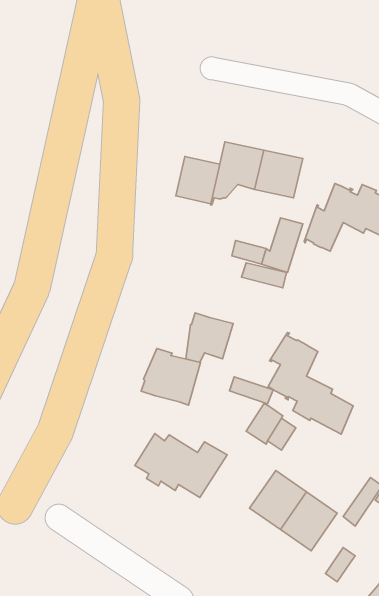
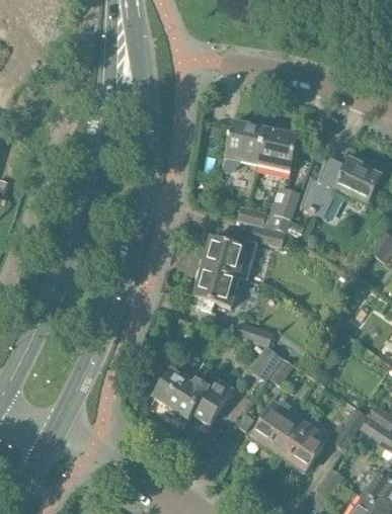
building: [176,156,220,204] -> none
building: [268,333,353,434] -> none
building: [141,348,200,405] -> [206,231,256,279]

